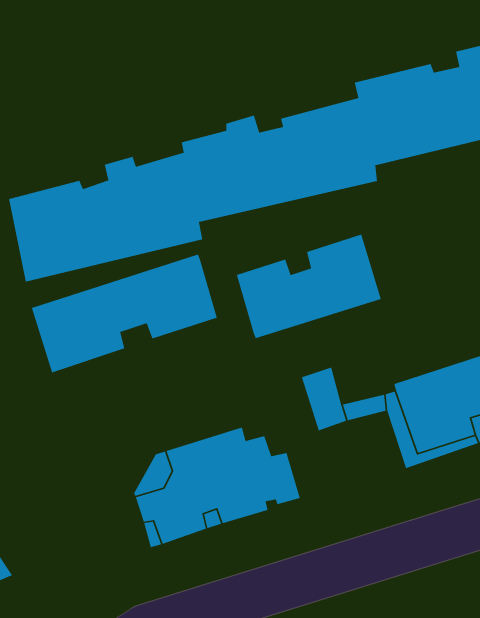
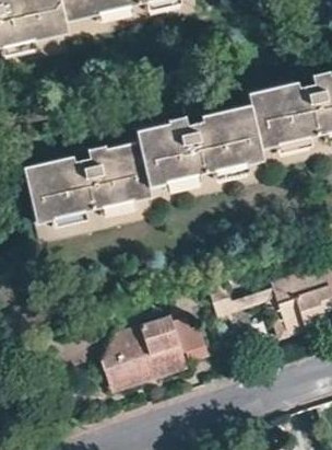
building: [236,233,382,339] -> none
building: [31,254,218,373] -> none

